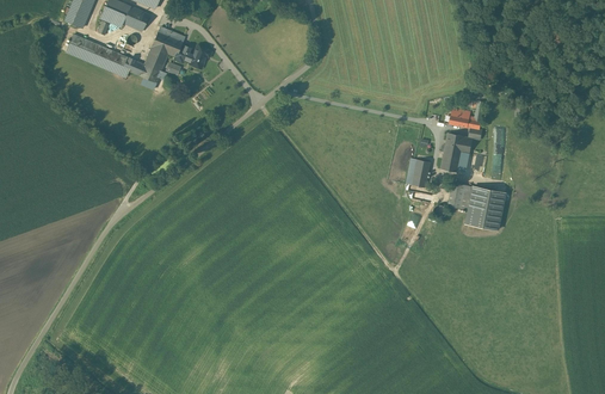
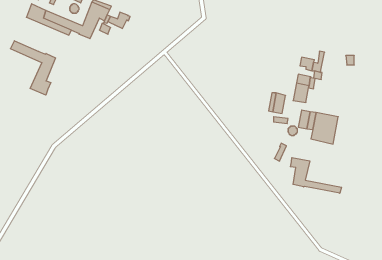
building: none -> [10,41,55,95]
building: none -> [290,158,342,193]

